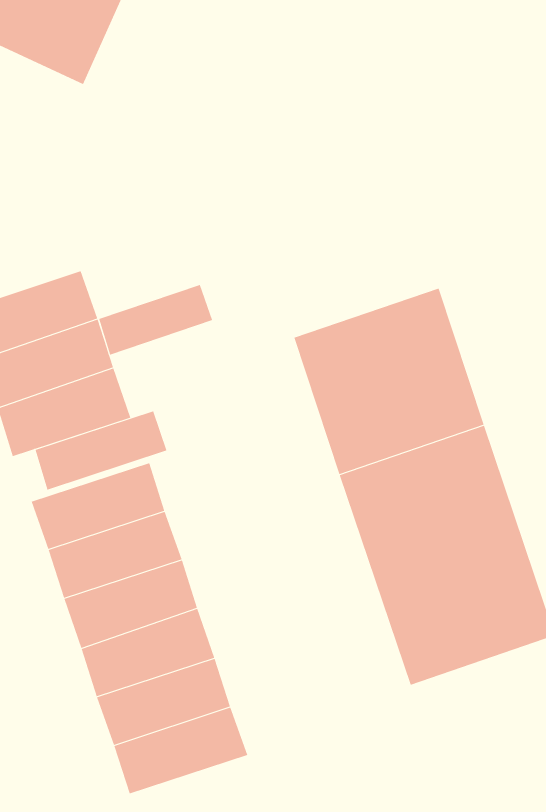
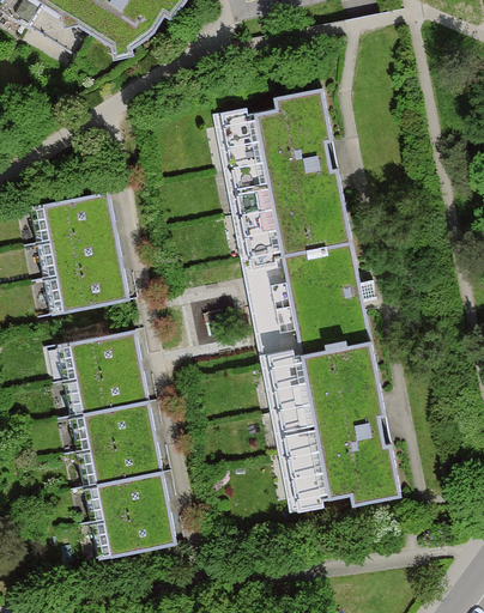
building: none -> [222,90,352,259]
building: [98,284,213,356] -> none
building: [35,411,167,491] -> none

